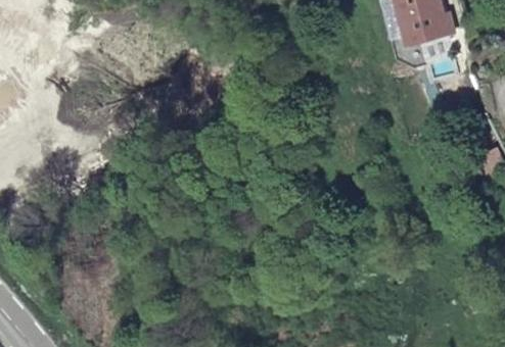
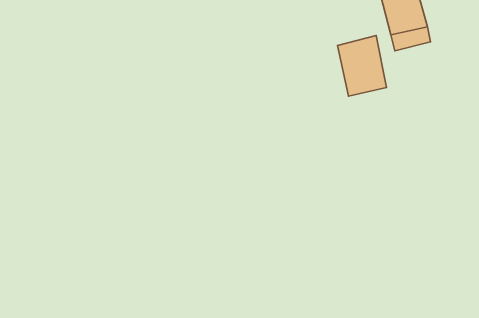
building: none -> [338,36,387,96]

